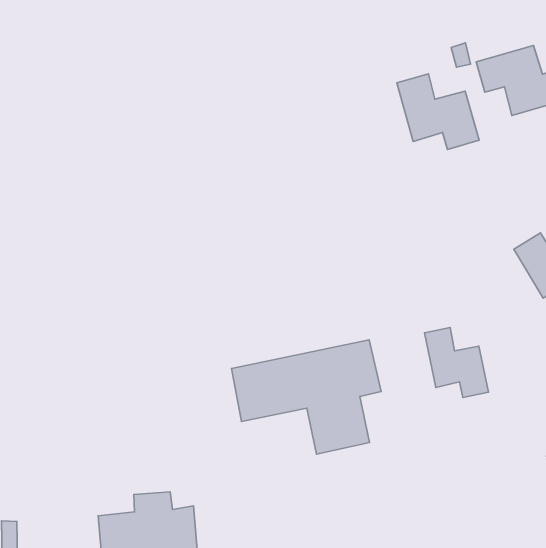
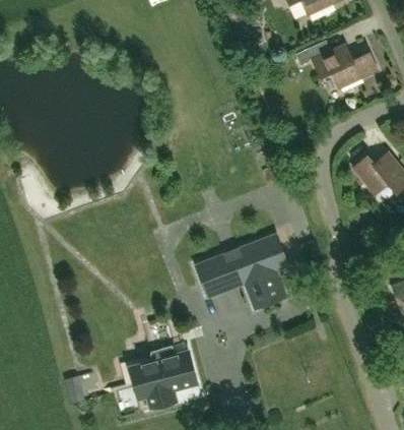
building: [397,74,479,149] -> none
building: [425,327,489,397] -> none

